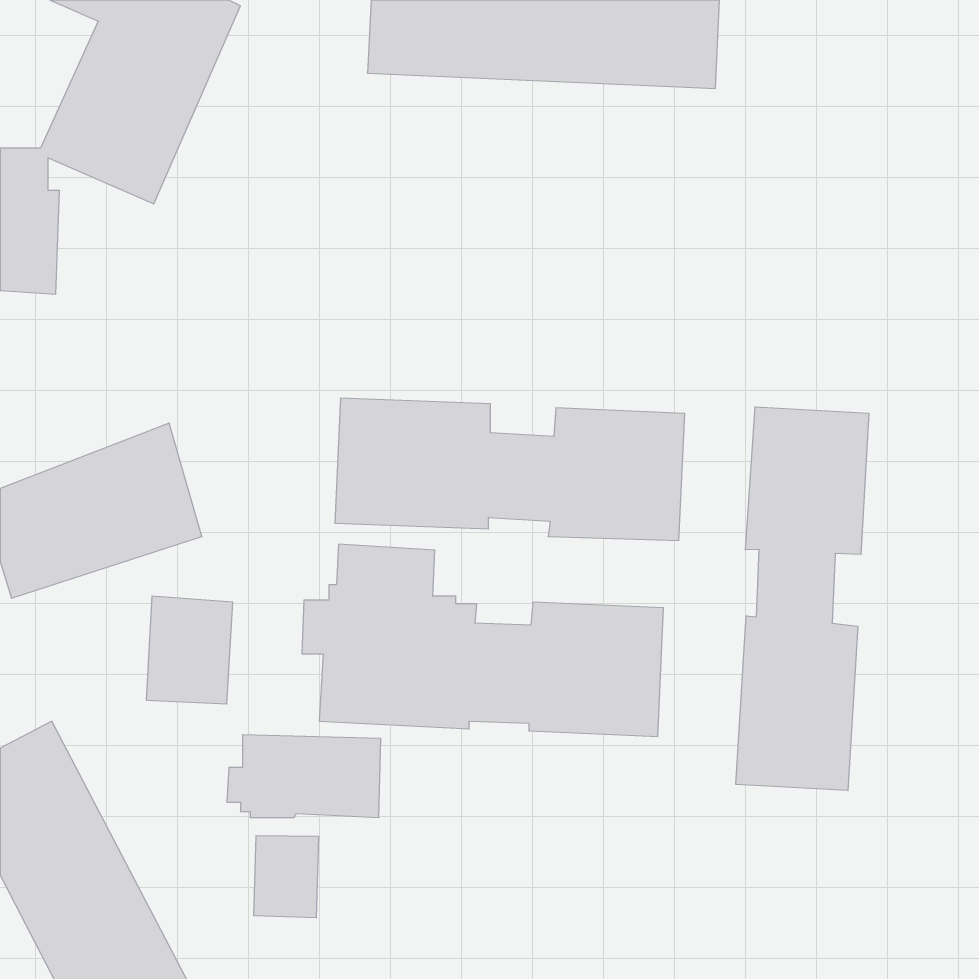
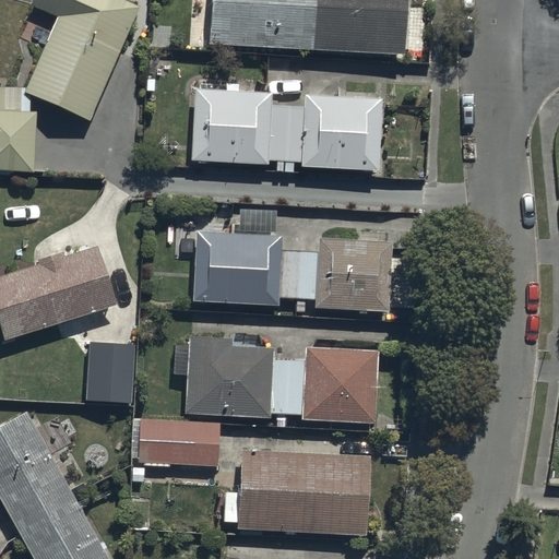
building: none -> [193,88,386,173]
building: [736,407,869,791] -> none
building: none -> [236,450,368,533]
building: [254,836,318,918] -> none

